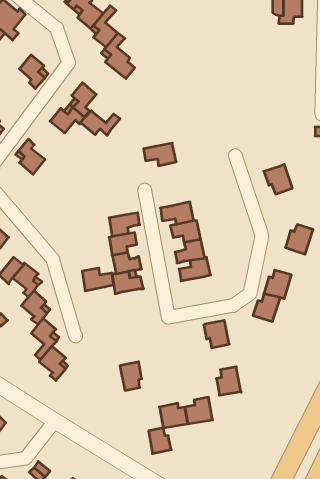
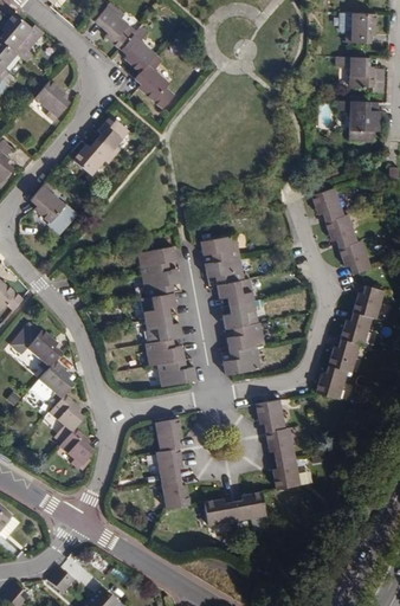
building: none -> [336,56,383,94]
building: none -> [334,101,381,142]
building: [81,111,120,135] -> none
building: none -> [314,186,347,220]
building: [144,143,176,166] -> [200,234,239,262]
building: none -> [342,239,375,272]
building: none -> [137,247,175,276]
building: none -> [341,311,374,346]
building: [82,268,114,291] -> [157,361,195,388]
building: none -> [221,347,259,375]
building: none -> [154,418,181,452]
building: none -> [265,427,295,458]
building: [149,428,171,454] -> [161,479,188,510]

